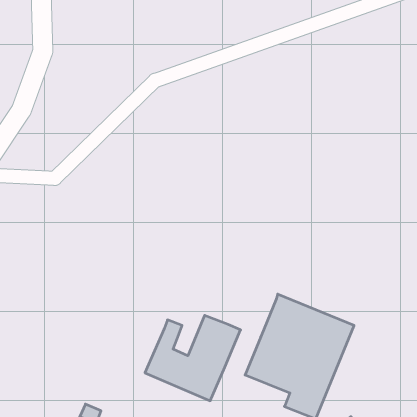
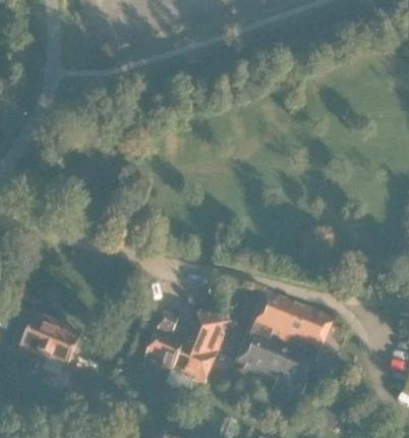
building: none -> [20,313,82,367]

